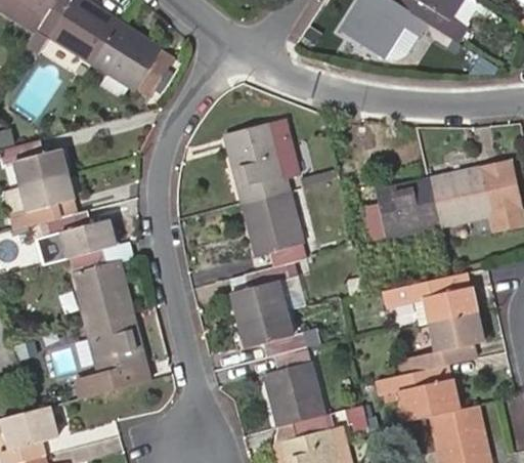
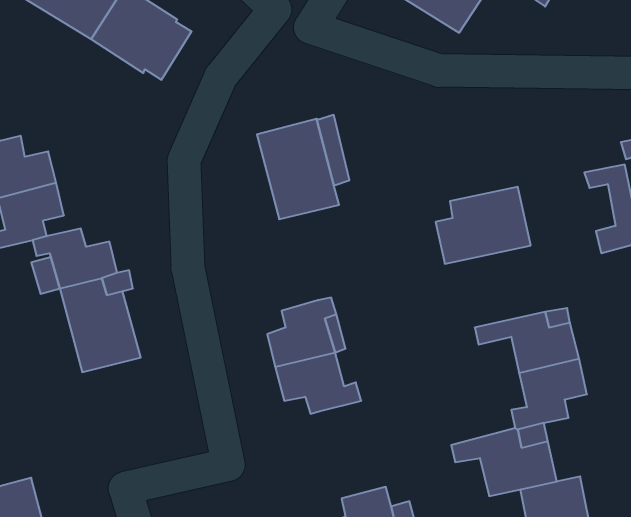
building: [429,167,506,224] -> none
building: [242,193,306,267] -> none
building: [74,312,149,399] -> none
building: [265,345,325,426] -> none

